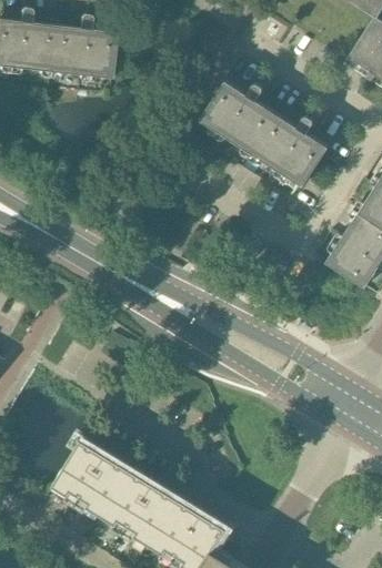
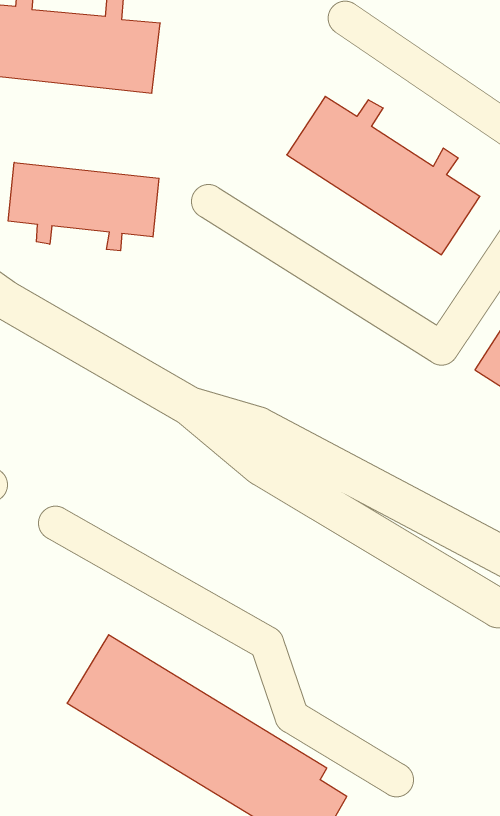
building: none -> [8,162,159,251]

